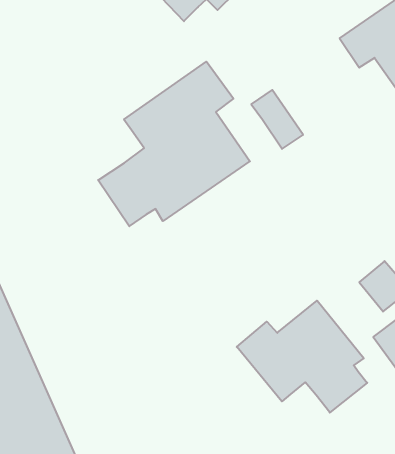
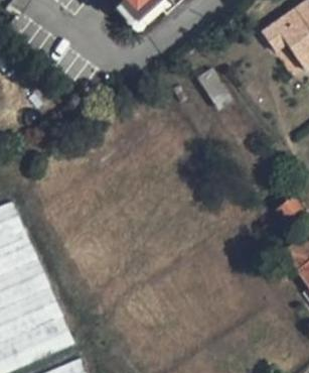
building: [98,62,250,226] -> none
building: [237,301,367,413] -> none

